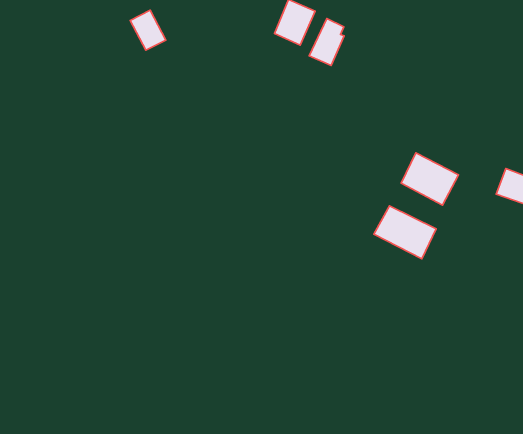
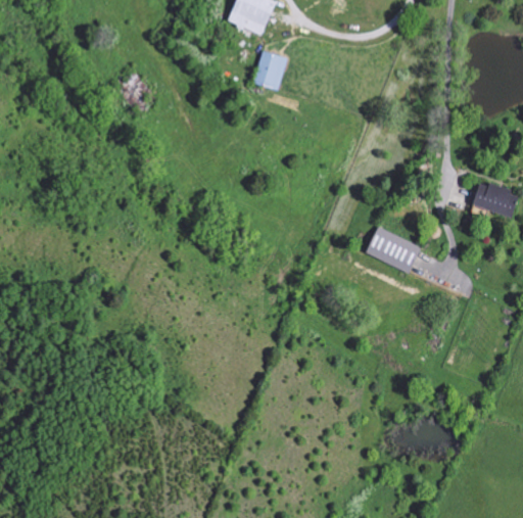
building: [309,18,344,66] -> none
building: [401,153,459,205] -> none

